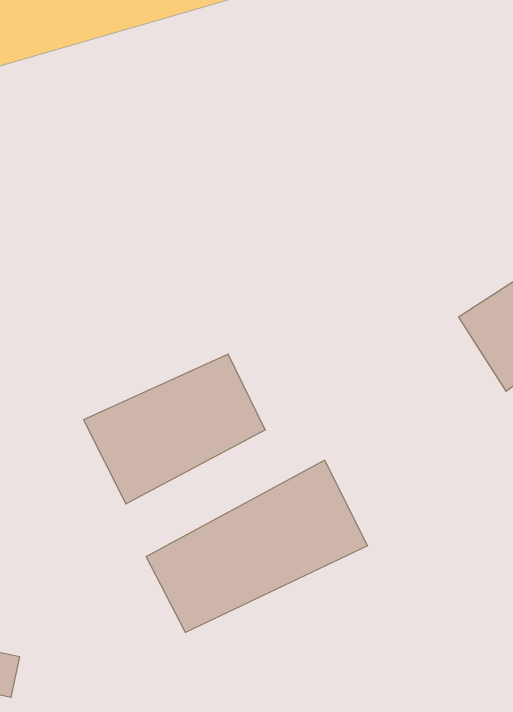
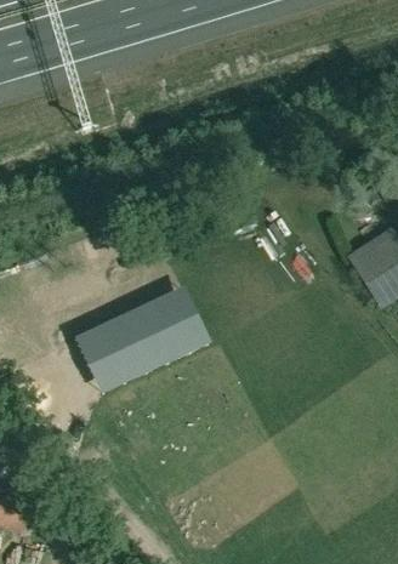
building: [146,460,367,632] -> none

